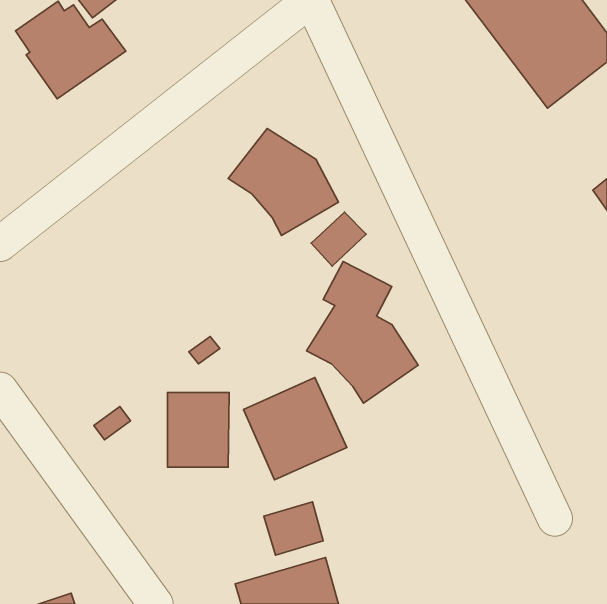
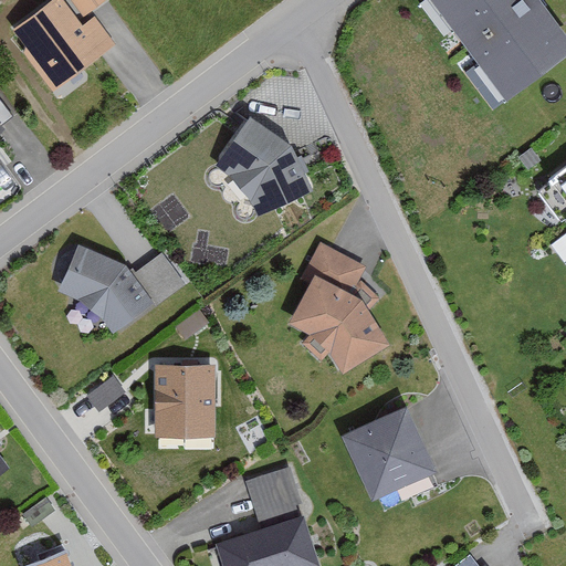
building: [311,212,366,266] -> none
building: none -> [57,244,181,333]
building: [244,377,347,480] -> [342,405,438,500]

